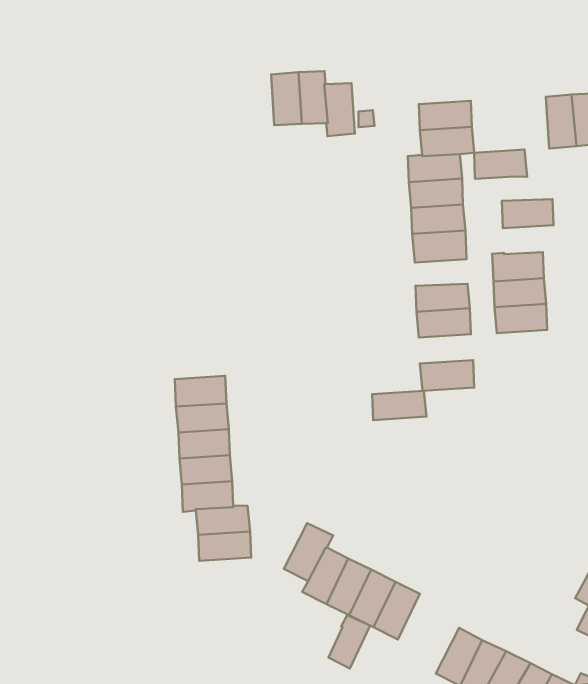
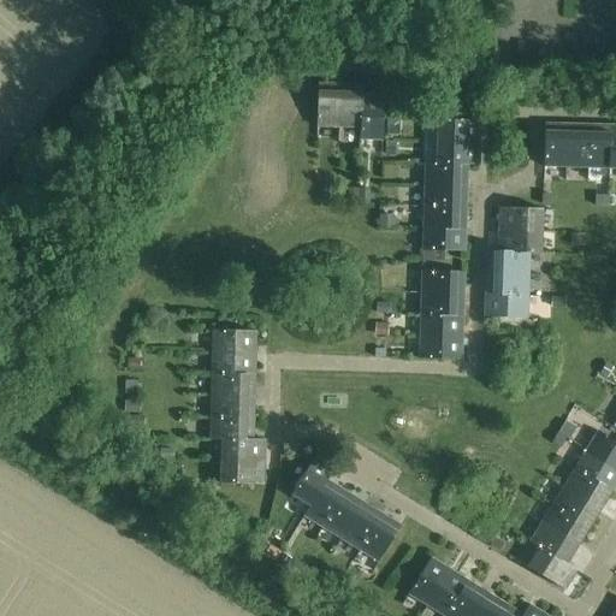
building: [474,149,527,179] -> [497,229,540,253]
building: [372,391,426,420] -> [419,313,463,336]
building: [328,615,370,668] -> none

